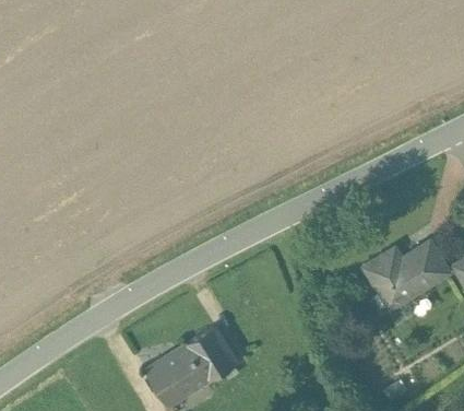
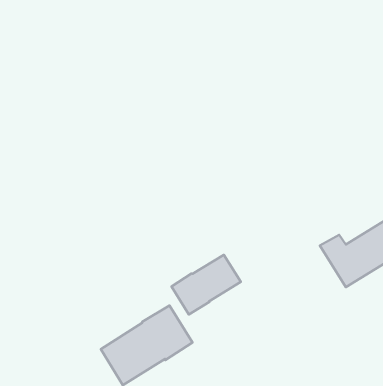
building: none -> [172,255,241,314]

